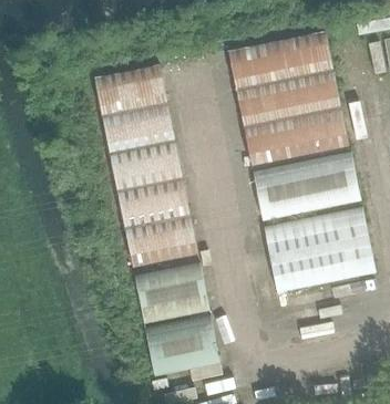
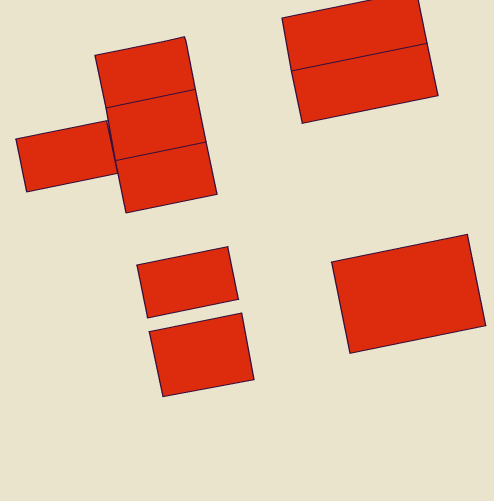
building: [243,107,348,165] -> none
building: [253,153,360,220] -> none
building: [116,178,189,229] -> [16,121,118,192]
building: [144,315,219,376] -> none

